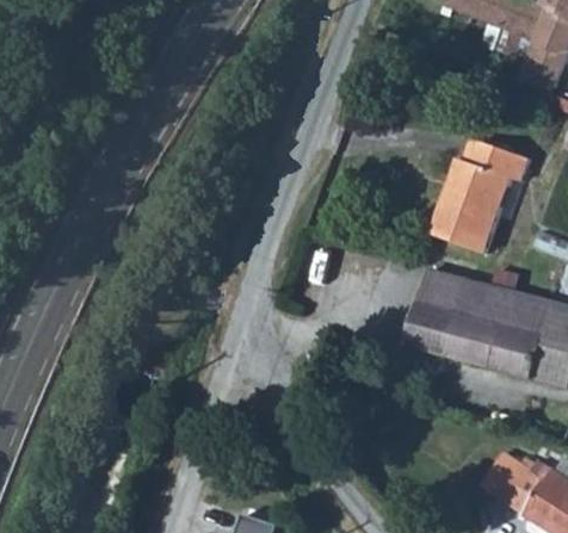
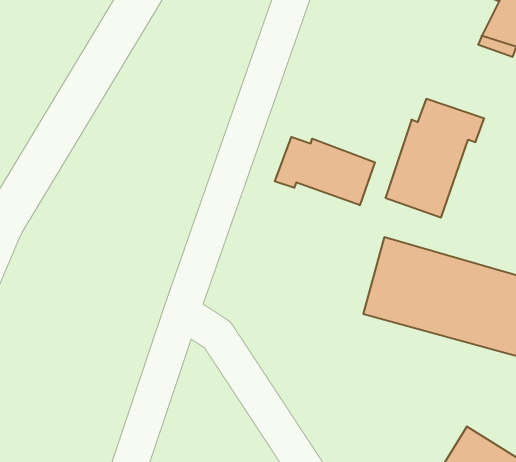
building: none -> [275,137,375,205]

